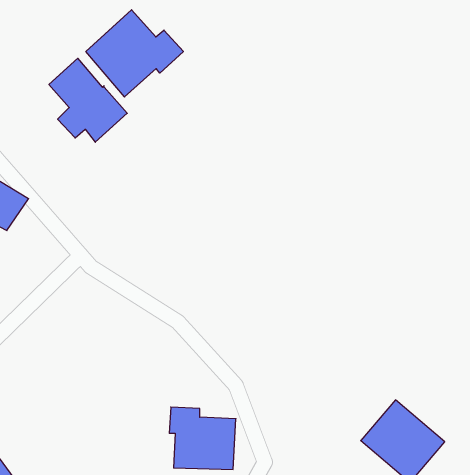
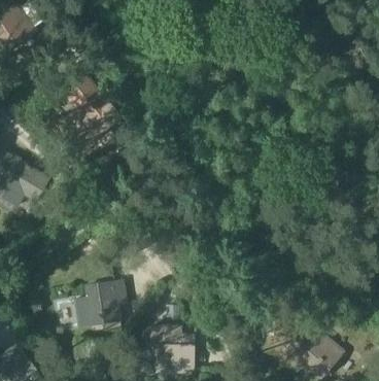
building: [86,10,183,97] -> none
building: none -> [74,279,126,325]

